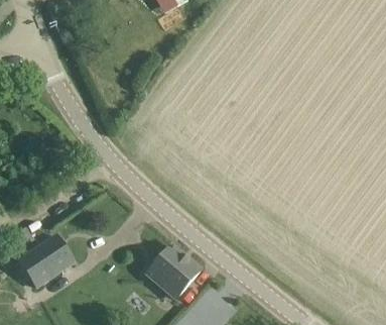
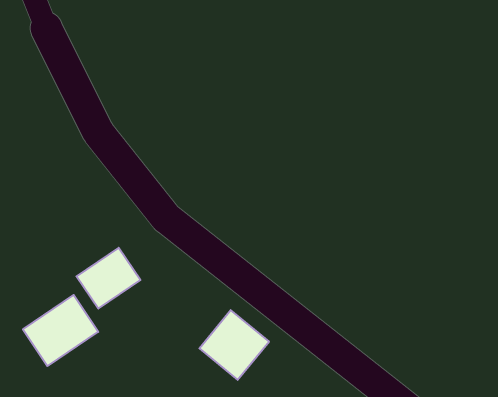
building: none -> [76,248,140,309]

